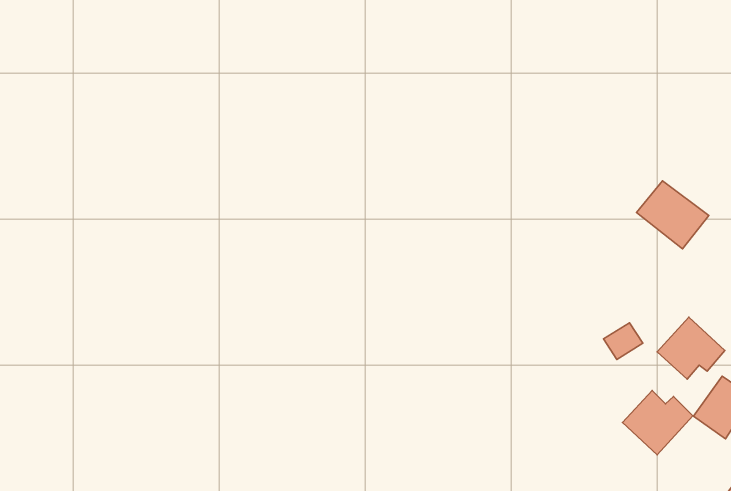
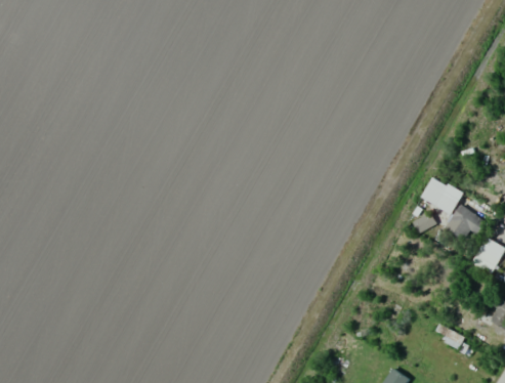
building: [636,181,709,249] -> [420,176,463,215]
building: [623,390,693,455] -> none

